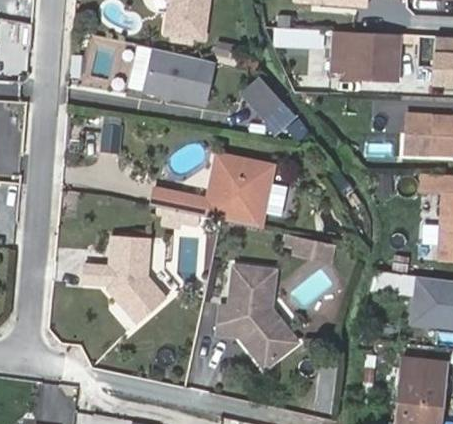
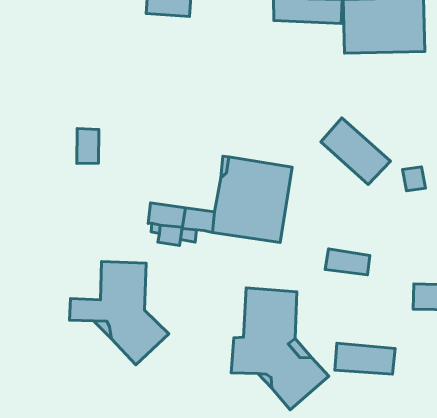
building: [126,43,217,109] -> none
building: [238,77,295,134] -> [321,118,390,184]
building: none -> [335,343,395,374]

